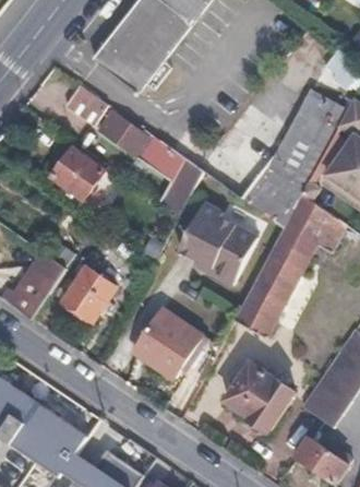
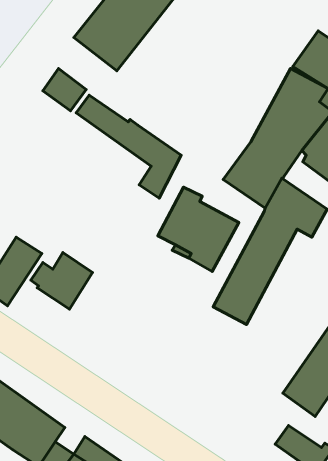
building: [50,147,105,199] -> none
building: [133,307,208,377] -> none
building: [224,363,295,441] -> none

